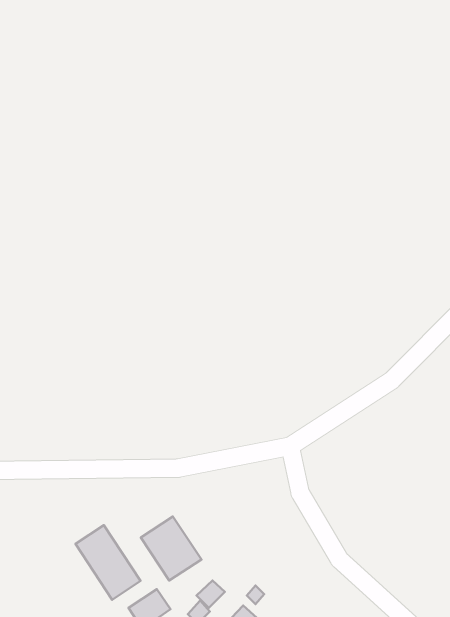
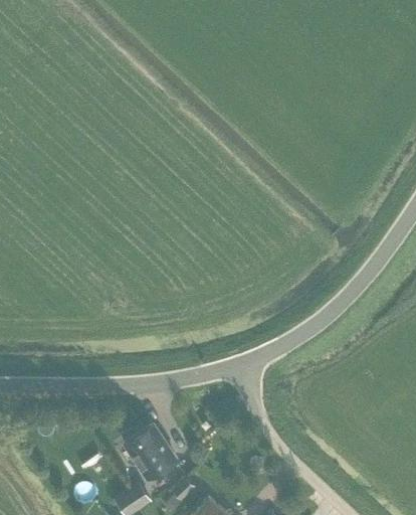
building: [75,525,141,600] -> none

